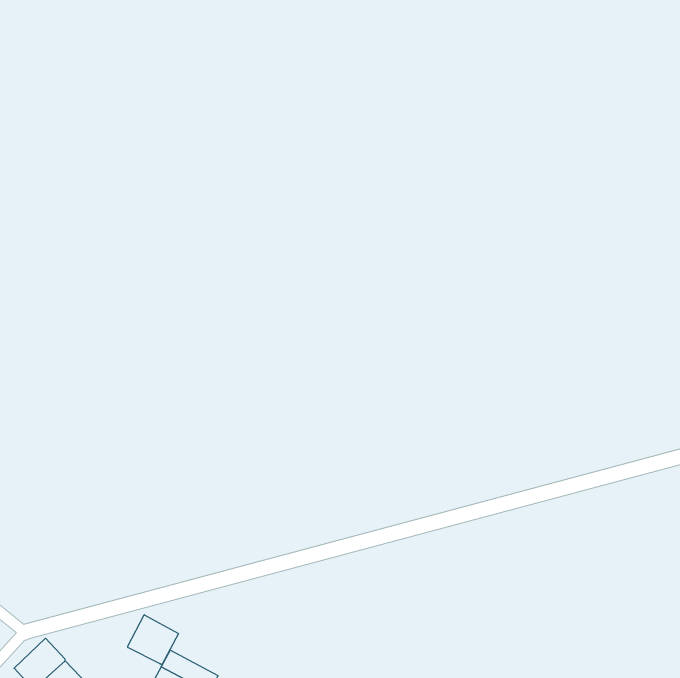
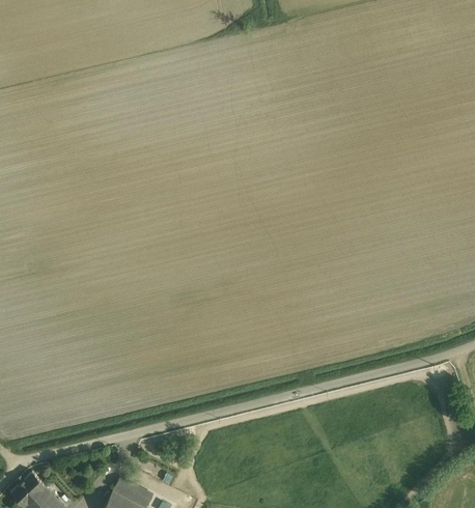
building: [128,615,178,665] -> none

